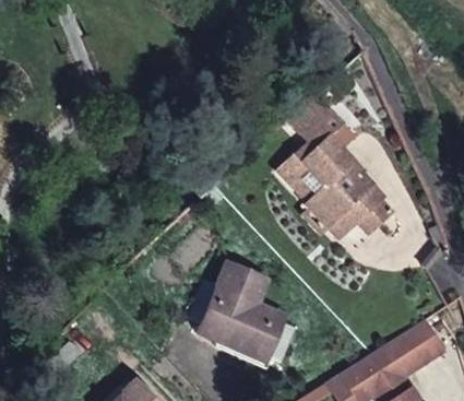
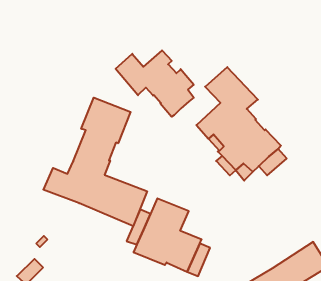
building: none -> [116,50,194,117]
building: none -> [43,98,147,226]

